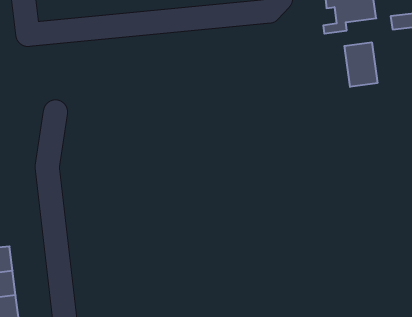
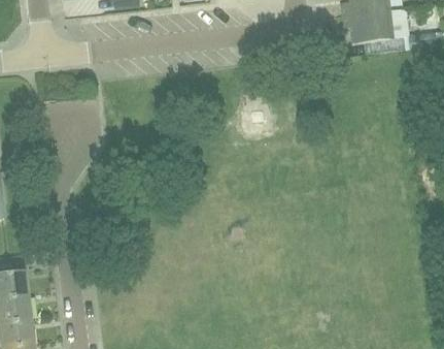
building: [344,42,377,87] -> none

